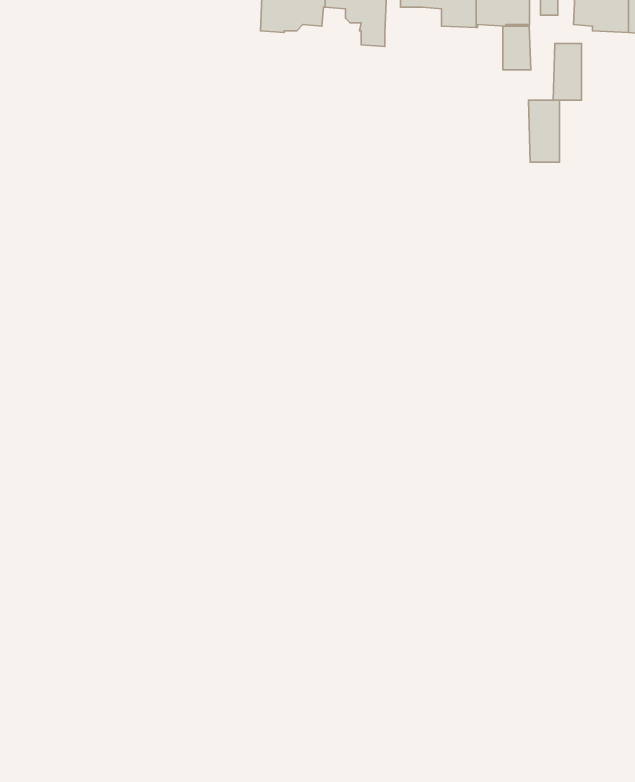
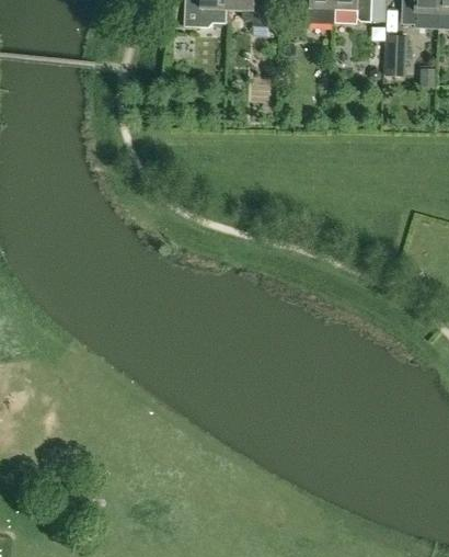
building: [503,26,531,70] -> none
building: [529,100,559,162] -> none

